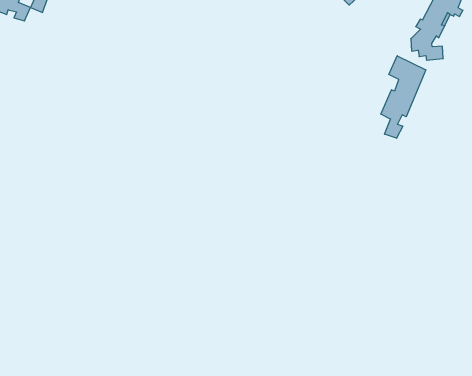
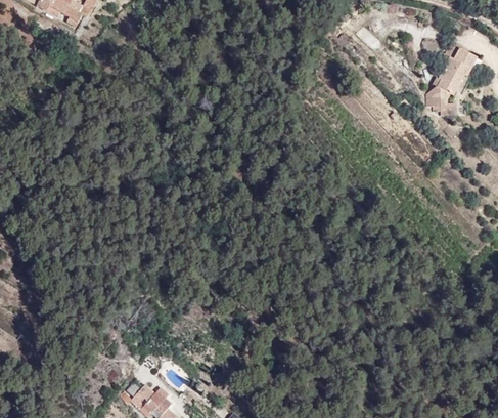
building: [381,56,426,138] -> none

